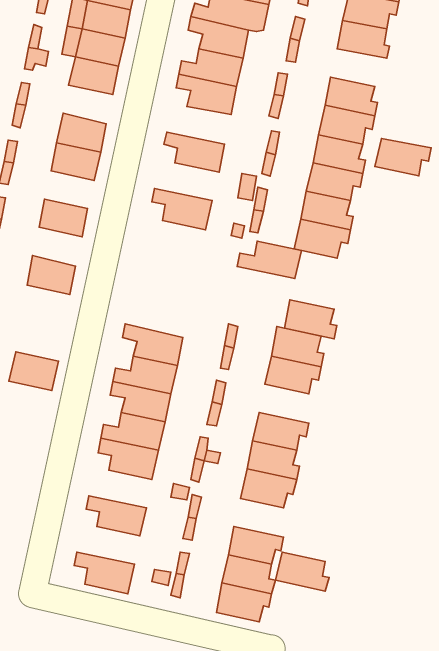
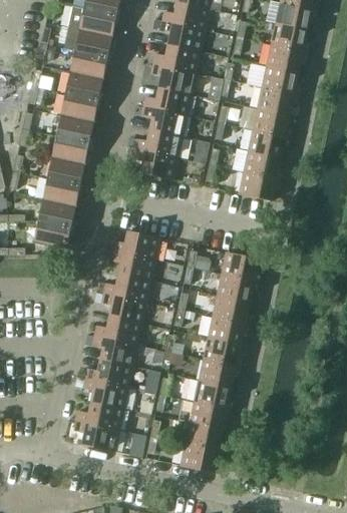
building: none -> [65,71,102,100]
building: none -> [142,87,191,115]
building: [375,138,431,176] -> [265,44,307,72]
building: none -> [51,135,88,163]
building: none -> [42,177,79,206]
building: [237,241,302,279] -> [133,129,182,157]
building: none -> [111,230,159,260]
building: [284,300,337,339] -> [212,295,251,324]
building: [9,352,59,391] -> [33,220,70,249]
building: none -> [84,359,131,387]
building: none -> [75,401,122,429]
building: [275,552,329,591] -> [193,380,233,409]

